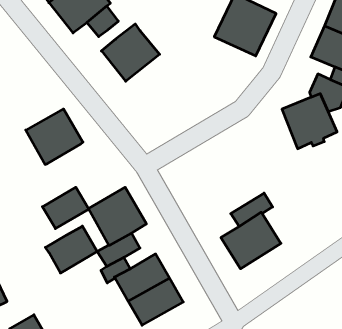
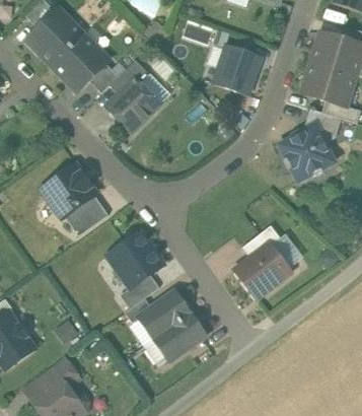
building: none -> [108,60,148,93]
building: [42,187,89,229] -> [64,195,107,235]
building: [45,226,97,273] -> none

